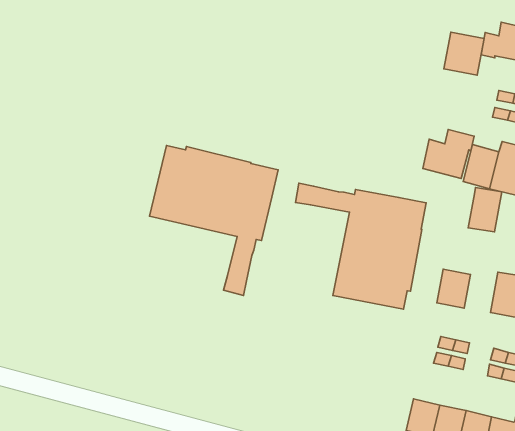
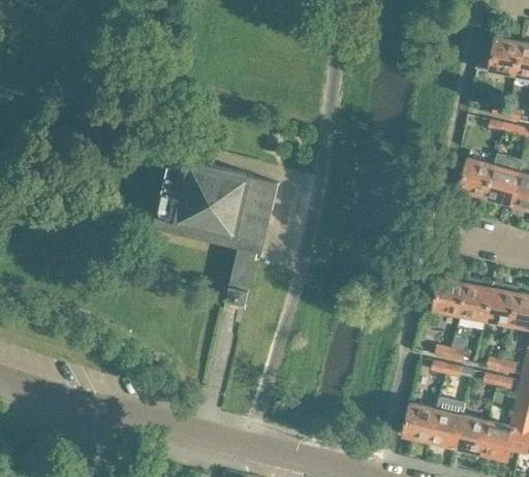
building: [444,32,484,75] -> none
building: [423,129,474,178] -> none
building: [295,183,426,309] -> none
building: [468,188,502,232] -> [461,277,494,320]

